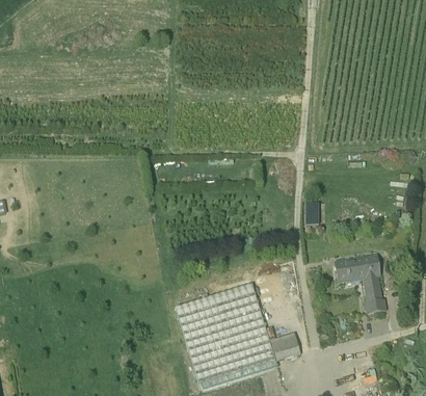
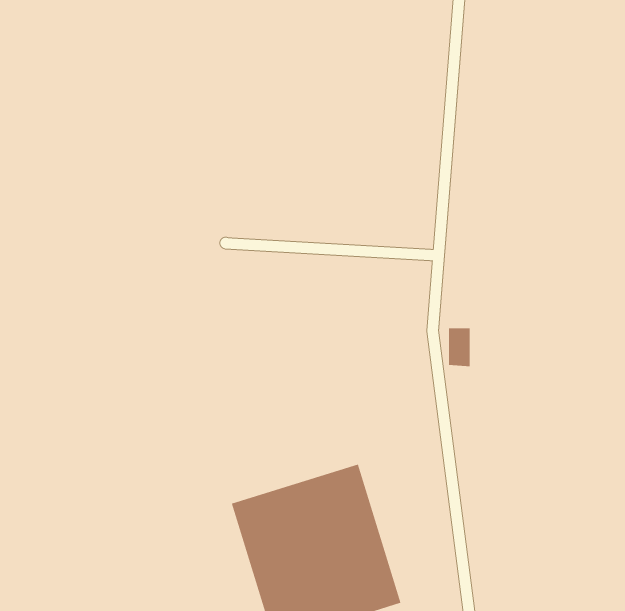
building: [335,256,385,313] -> none
building: [270,333,300,361] -> none

